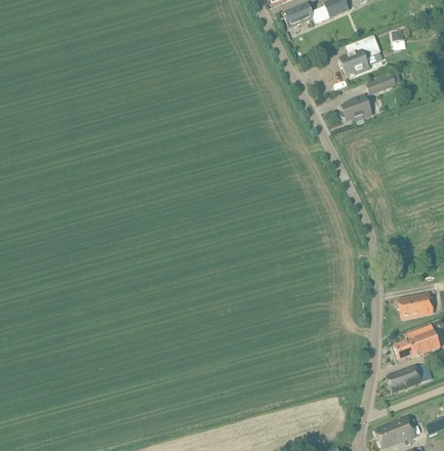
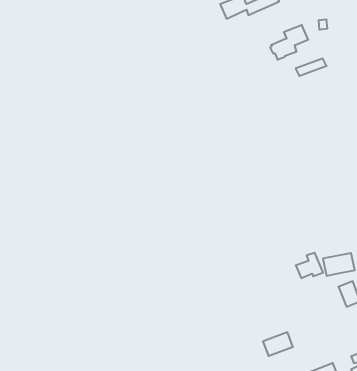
building: [341,94,372,121] -> none
building: [394,330,425,359] -> [296,253,323,278]
building: [387,366,420,393] -> [263,332,293,356]

